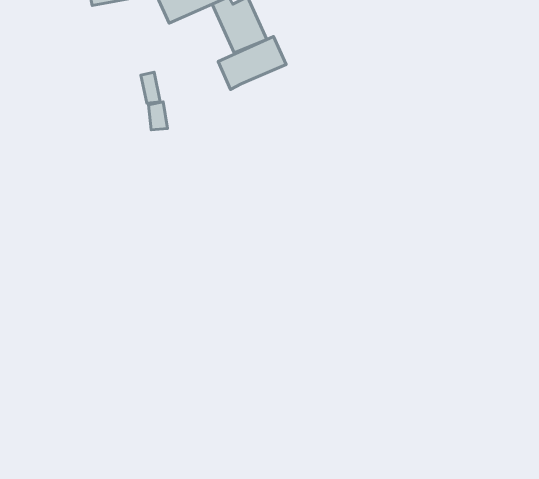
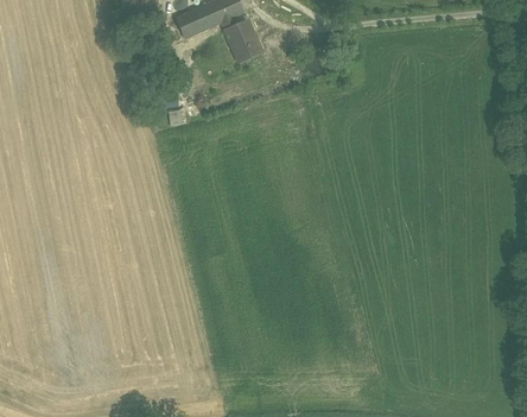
building: [218,37,286,89] -> none

